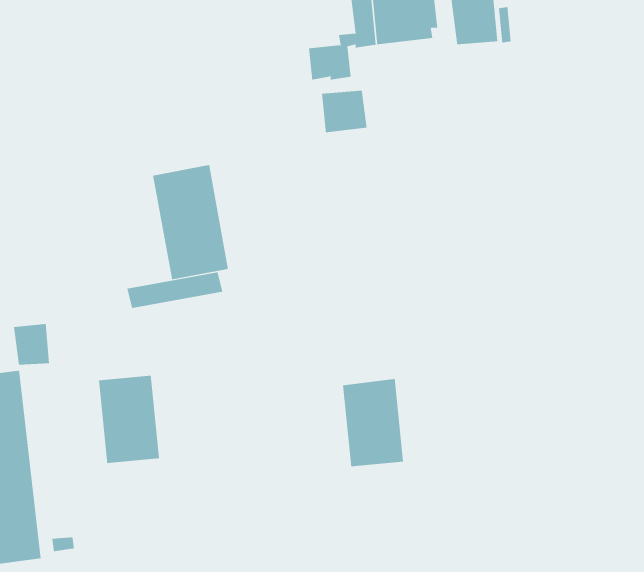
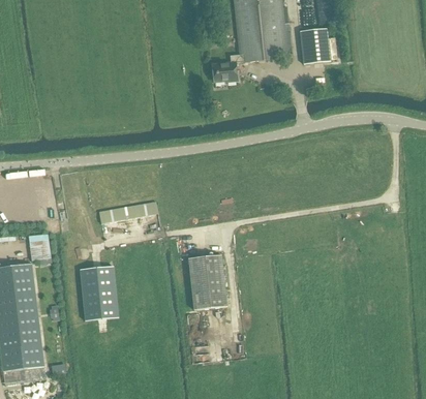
building: [322,90,367,133] -> none
building: [153,164,229,280] -> none
building: [342,379,404,467] -> [188,253,226,308]

